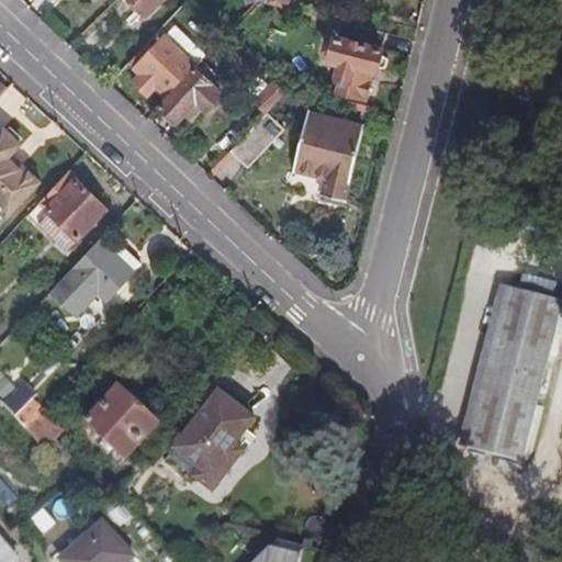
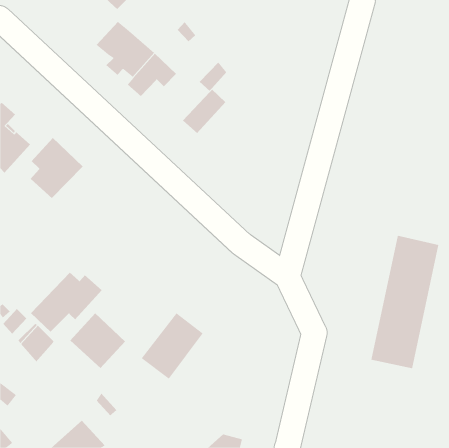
building: [333,20,386,94] -> none
building: [300,114,367,202] -> none
building: [49,239,139,315] -> [30,272,102,332]

